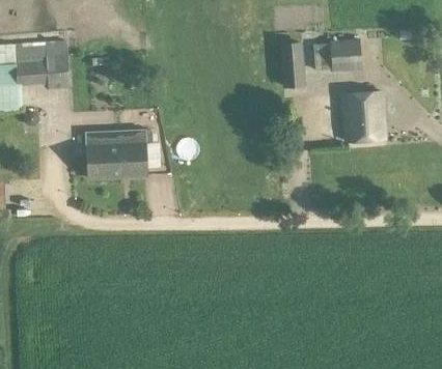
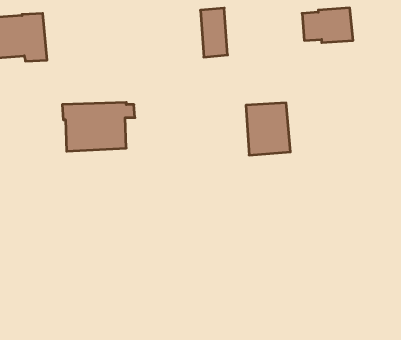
building: [279,40,305,87] -> [200,8,228,57]
building: [342,91,385,141] -> [246,103,290,155]

